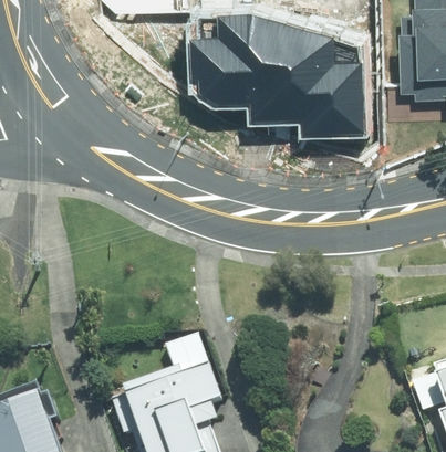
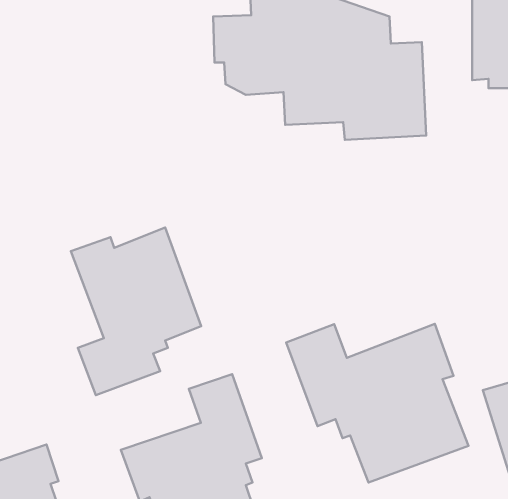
building: none -> [71,228,201,395]
building: none -> [286,324,469,482]

